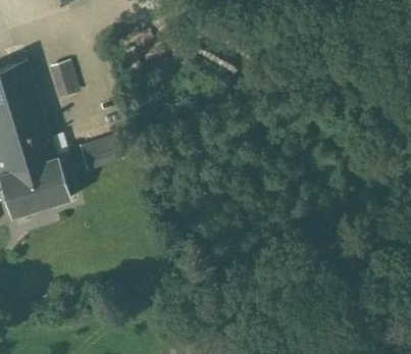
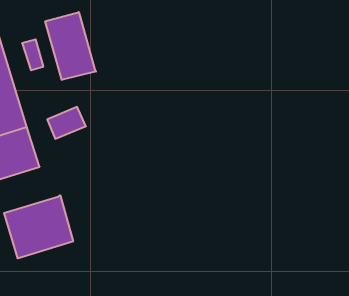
building: none -> [45,12,96,80]
building: none -> [4,195,73,258]

